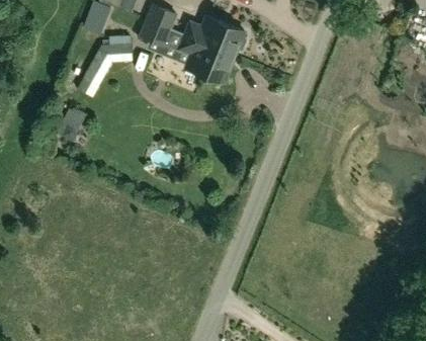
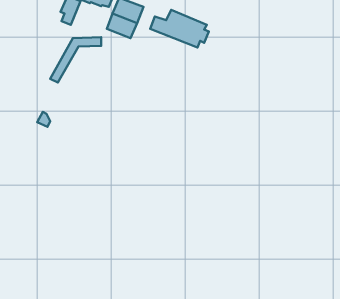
building: [179,36,235,84] -> none

